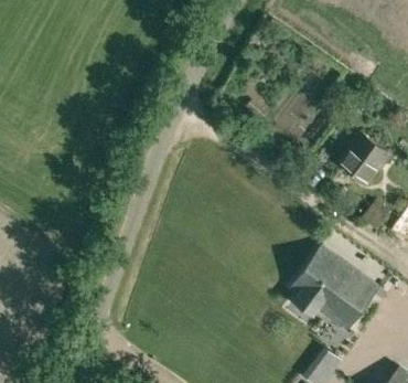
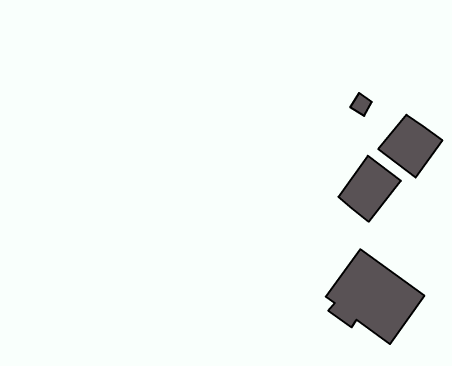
building: none -> [338,156,401,222]

